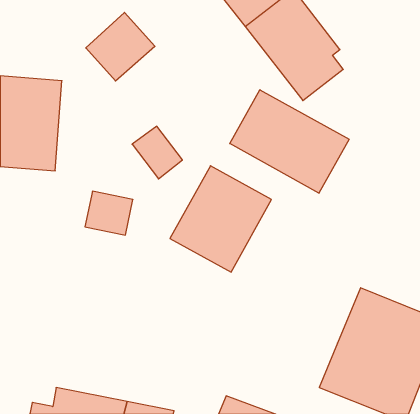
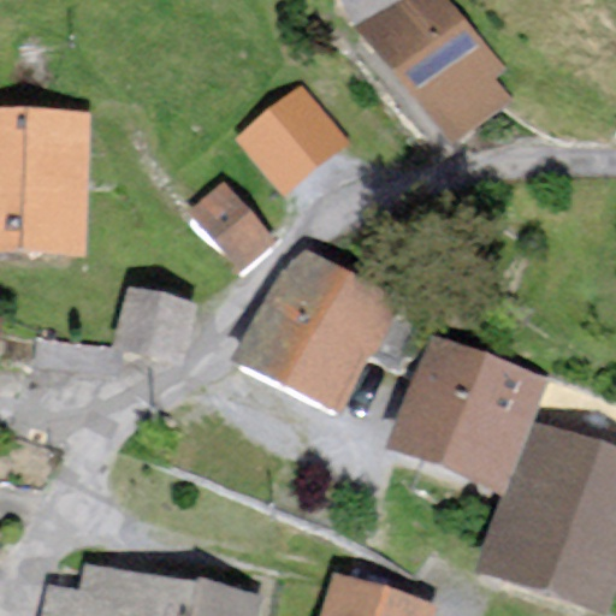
building: [86,12,155,81] -> [247,84,348,184]
building: [230,90,349,193] -> none
building: none -> [380,332,545,500]

